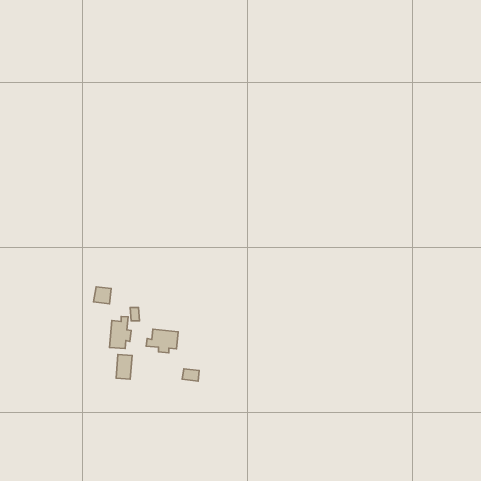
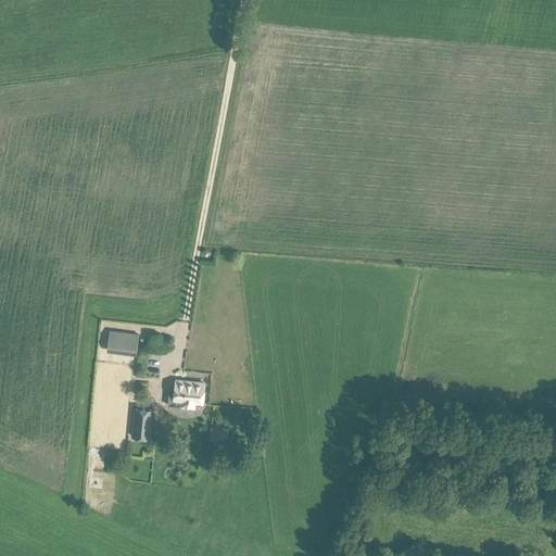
building: [110,316,131,349] -> none

